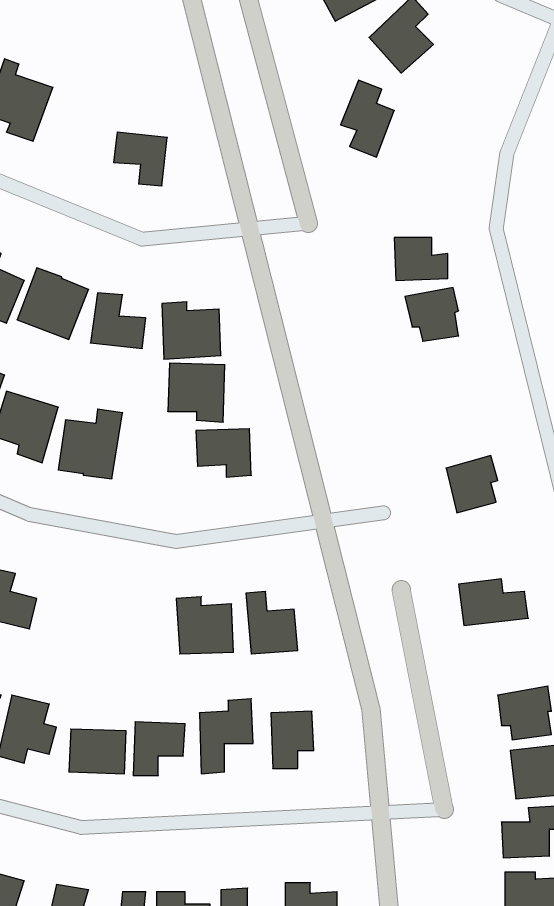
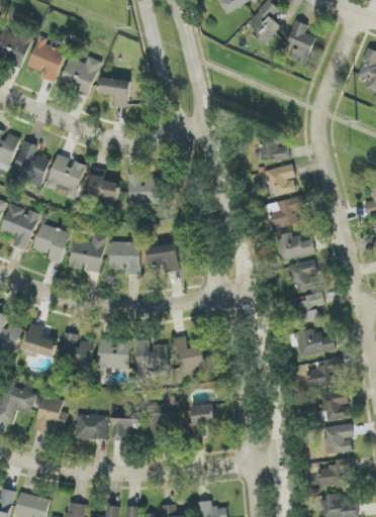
building: [341,80,394,157] -> [285,20,315,64]
building: none -> [60,57,101,94]
building: none -> [266,196,304,229]
building: [168,363,225,422] -> [108,241,140,275]
building: none -> [274,231,315,261]
building: none -> [293,292,324,322]
building: none -> [61,332,93,367]
building: none -> [98,338,130,371]
building: none -> [306,356,342,389]

